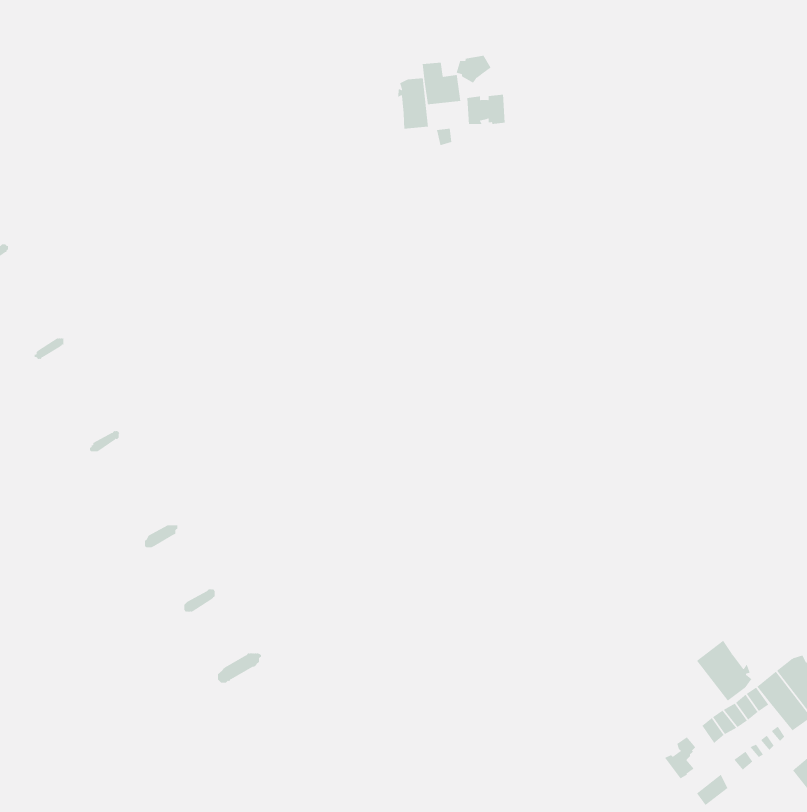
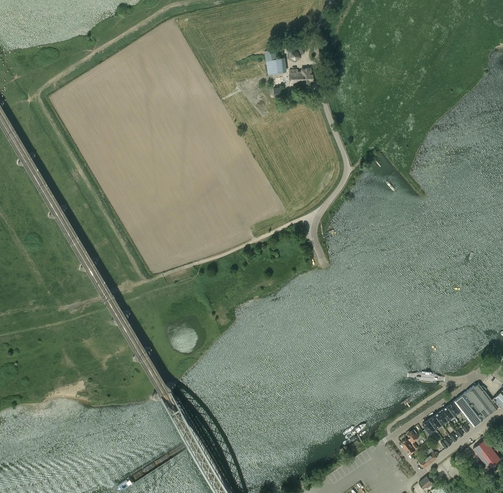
building: [397,77,429,129] -> none
building: [696,640,752,702] -> none

